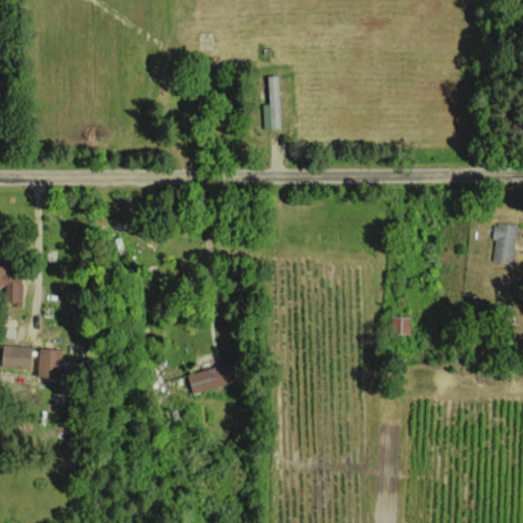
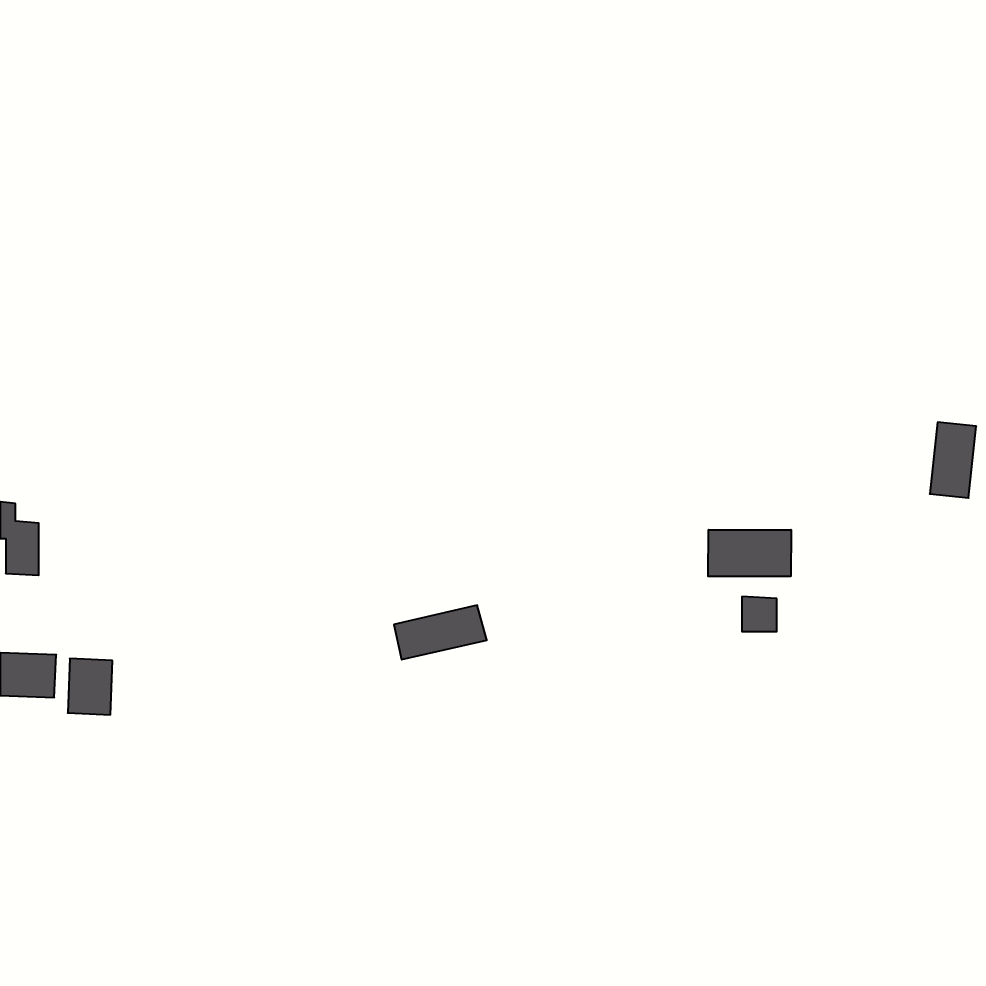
building: [264,77,281,130] -> none
building: none -> [708,530,791,576]
building: [188,365,237,393] -> [394,605,487,660]

